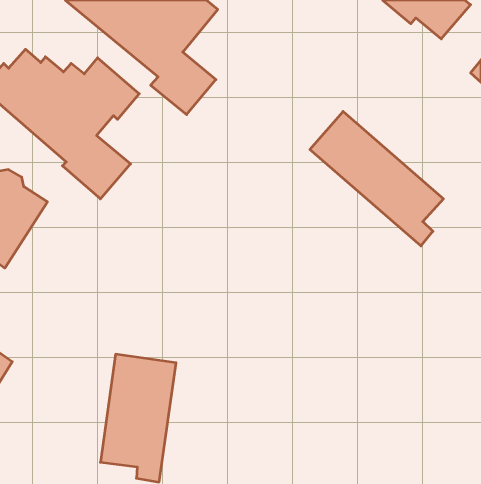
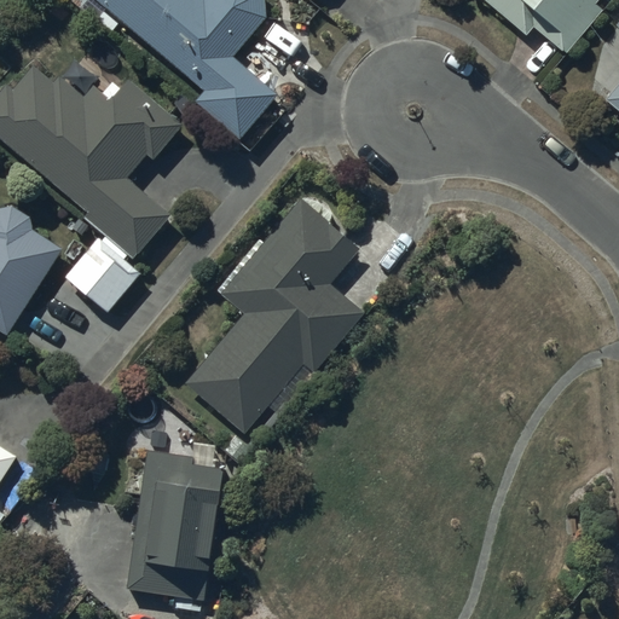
building: [310,111,443,246] -> none
building: none -> [183,195,361,429]
building: none -> [64,245,138,318]

